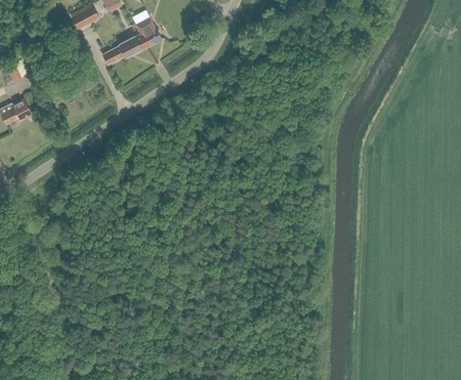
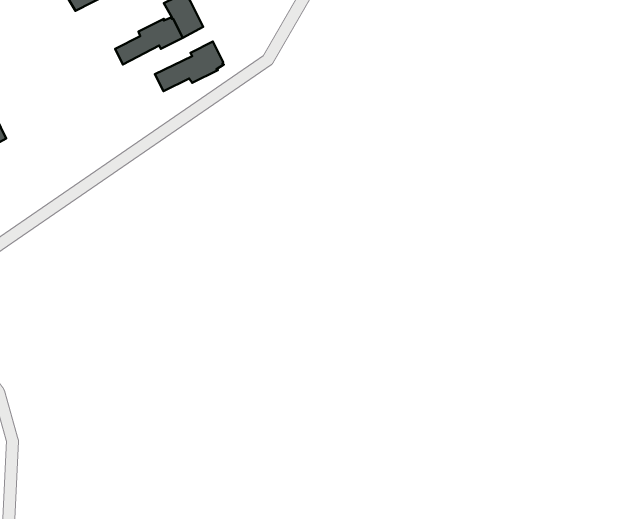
building: none -> [155,42,224,91]

